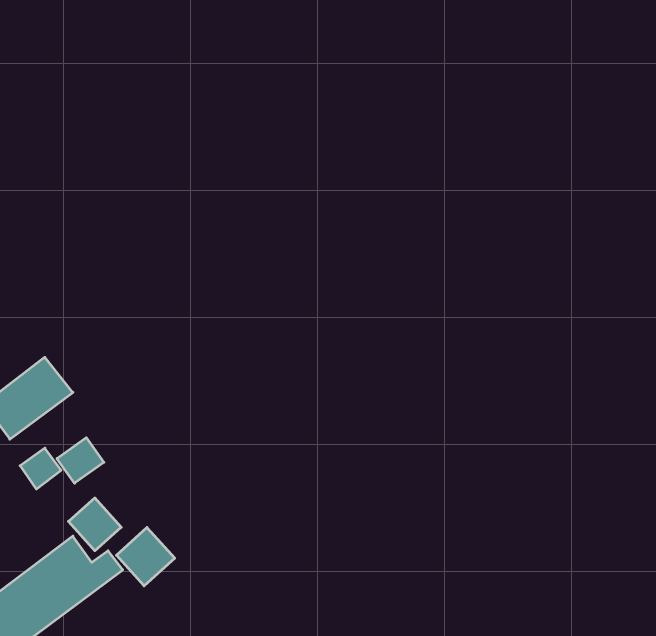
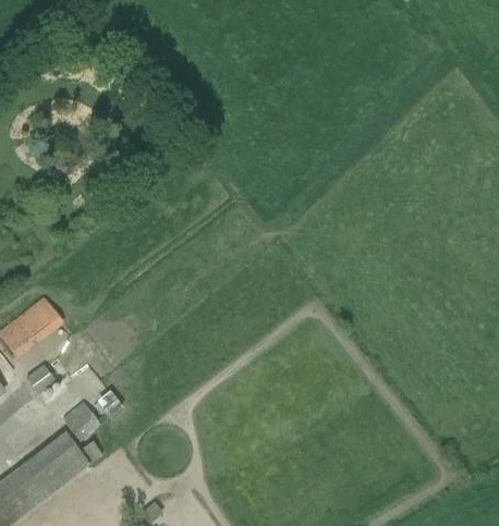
building: [57,438,104,483] -> none
building: [116,527,175,586] -> none

